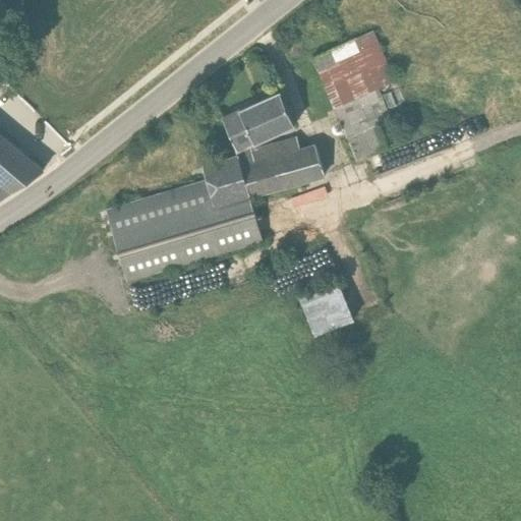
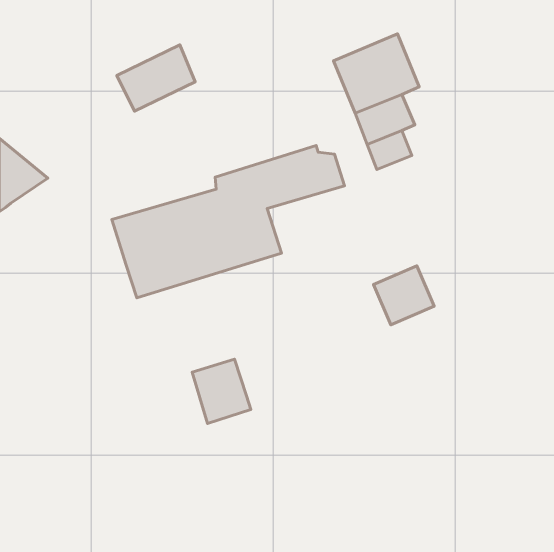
building: [221,92,294,154] -> [117,45,195,111]
building: [302,279,359,334] -> [373,266,434,325]
building: none -> [192,359,251,423]

